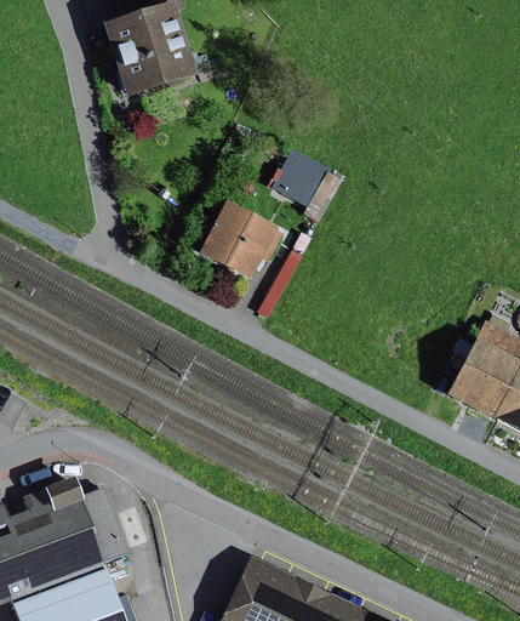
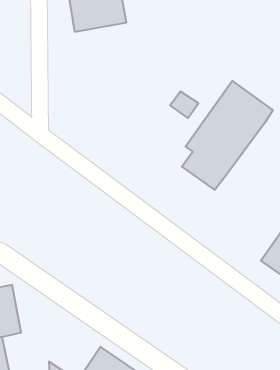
building: none -> [182,81,273,190]
building: [201,204,279,278] -> none

